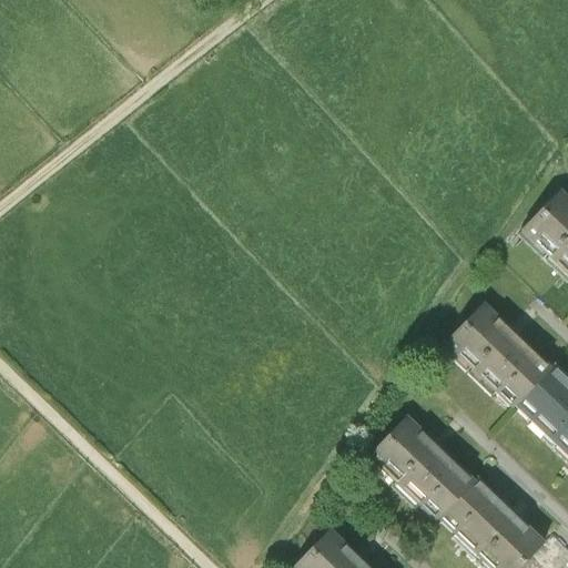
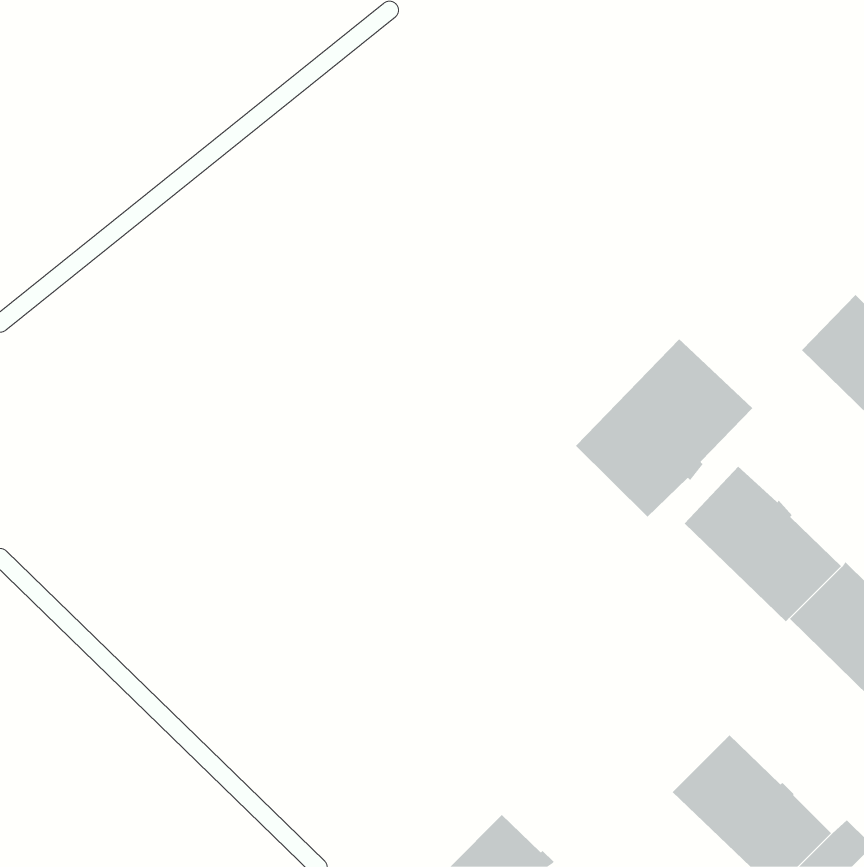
building: none -> [575,338,753,517]
building: [372,418,476,520] -> none

